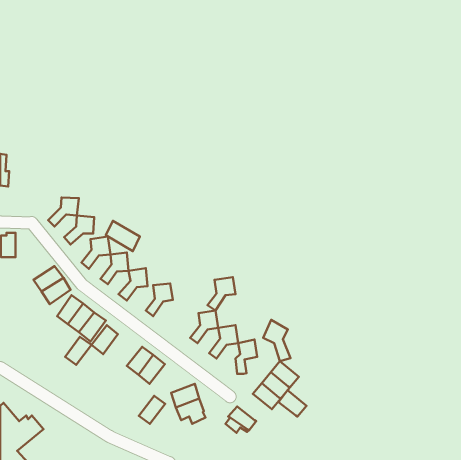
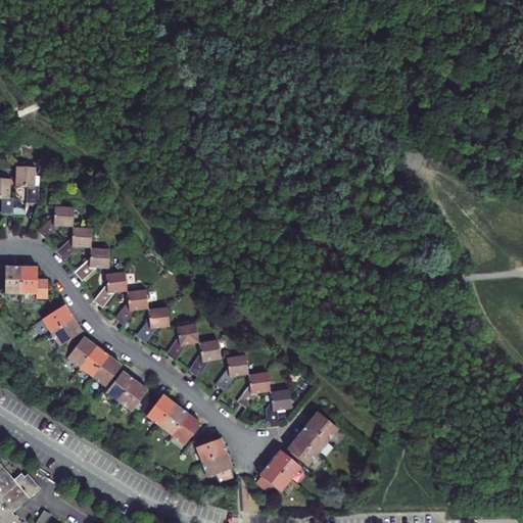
building: none -> [13,164,38,202]
building: none -> [38,206,73,238]
building: [106,221,140,251] -> none
building: none -> [19,266,47,297]
building: [207,277,235,311] -> [189,338,221,376]
building: [263,320,290,361] -> none
building: [65,337,91,365] -> [118,380,148,412]
building: [278,390,307,417] -> [270,448,301,478]
building: [139,396,165,424] -> [171,414,200,445]

